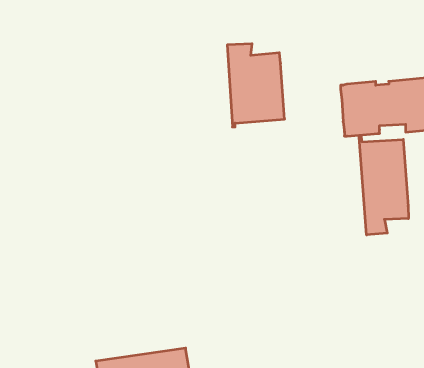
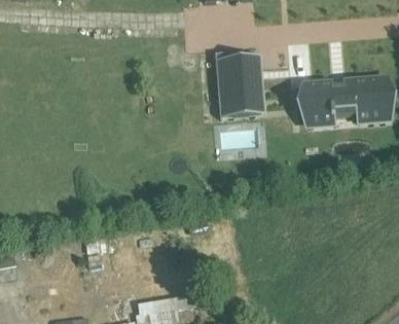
building: [359,137,408,235] -> none

